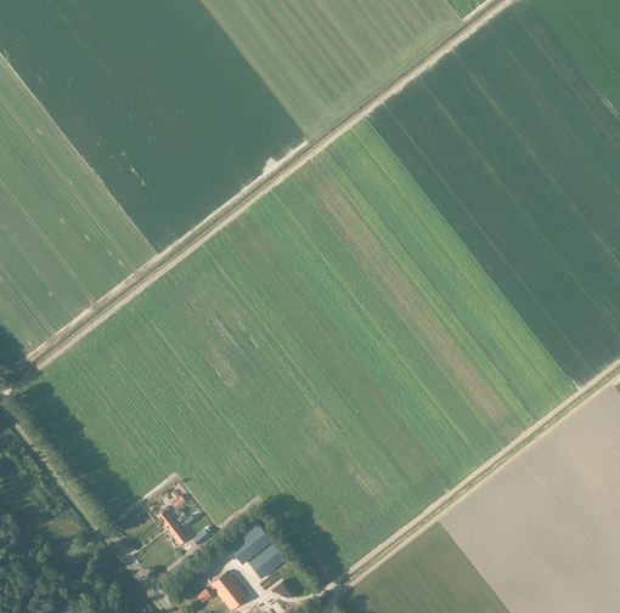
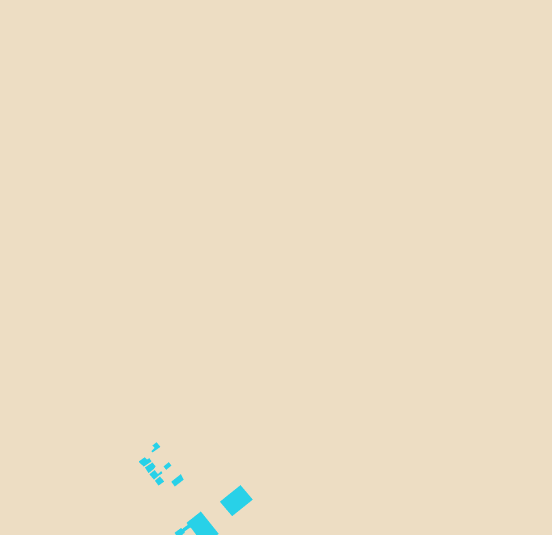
building: [230,523,272,563] -> none

